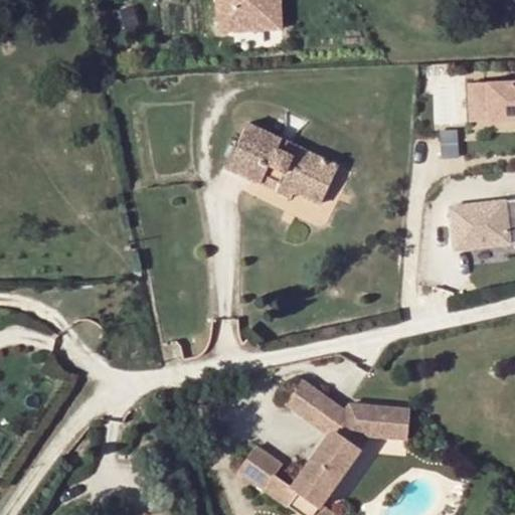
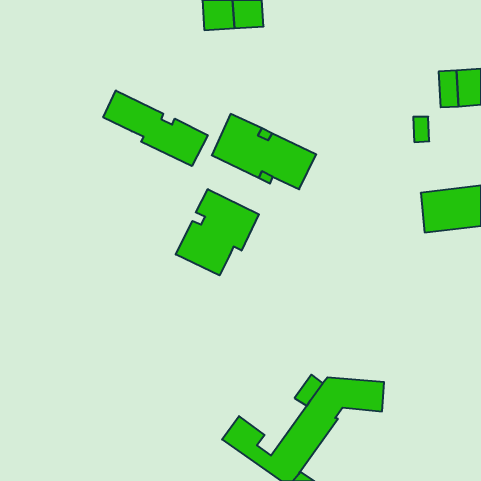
building: none -> [103,90,208,166]
building: none -> [176,189,259,275]
building: [285,379,333,425] -> none

